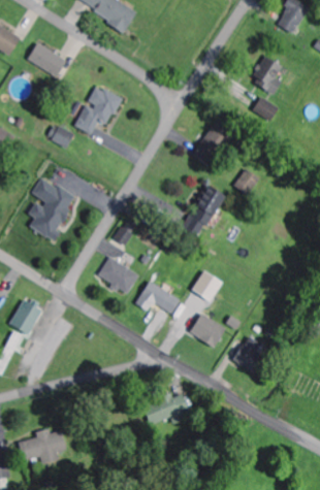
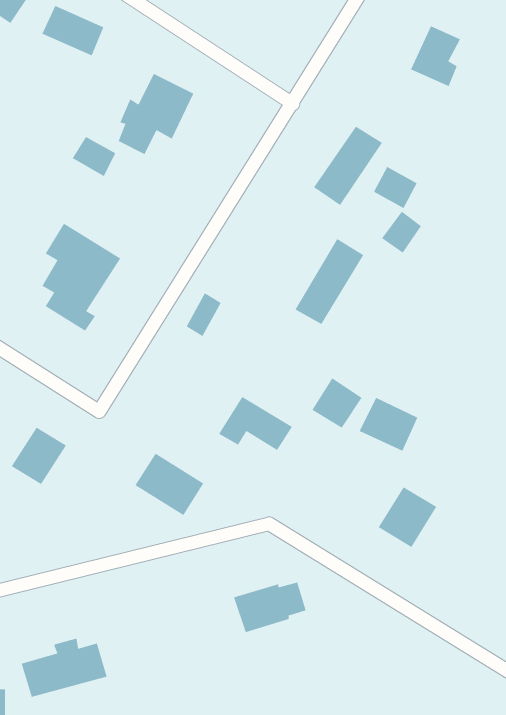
building: [253,96,280,122] -> [373,166,417,209]
building: [97,257,139,295] -> [135,453,204,516]
building: [190,314,226,347] -> [359,397,418,452]

